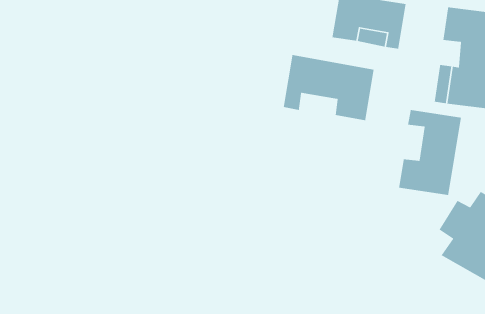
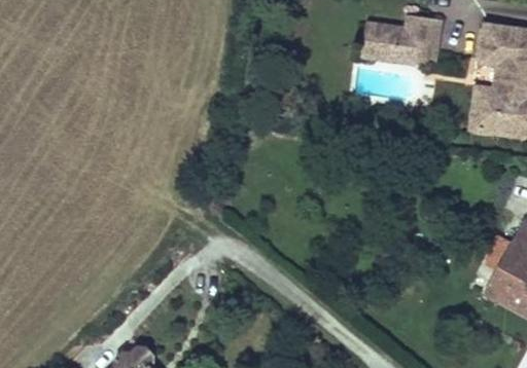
building: [283,54,374,121] -> none
building: [398,109,462,196] -> none

